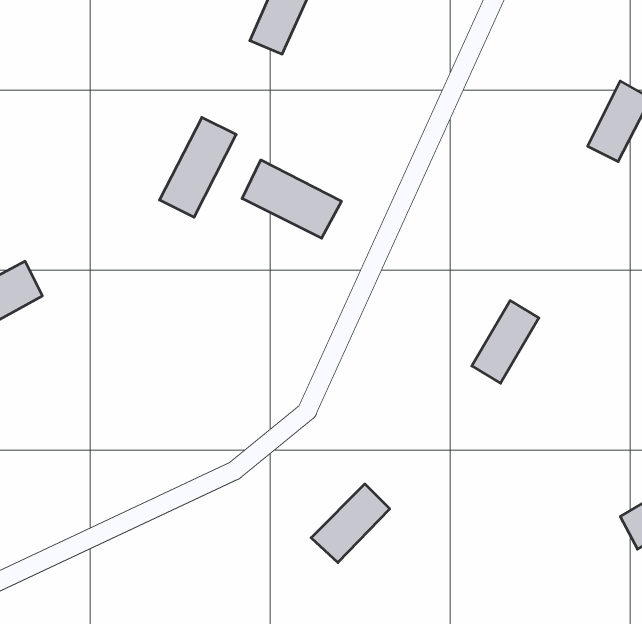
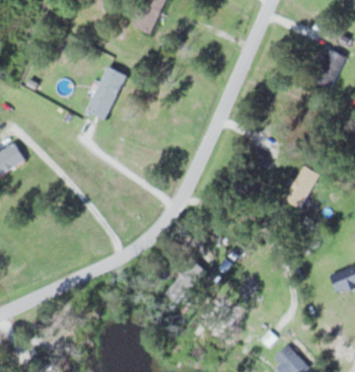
building: [242,160,341,238] -> none
building: [472,301,539,383] -> [284,165,320,209]

